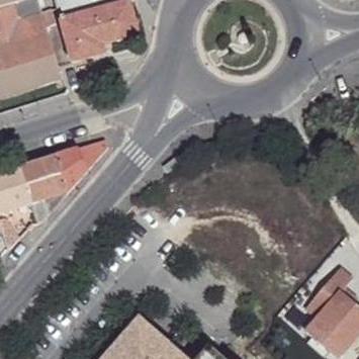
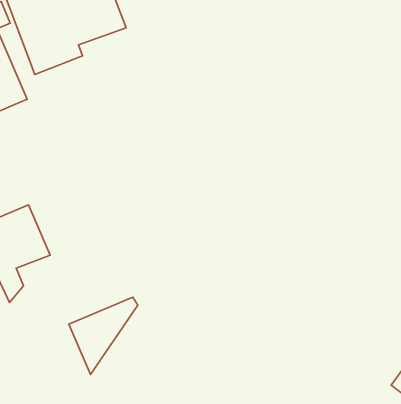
building: [57,140,107,192] -> [69,297,138,374]

